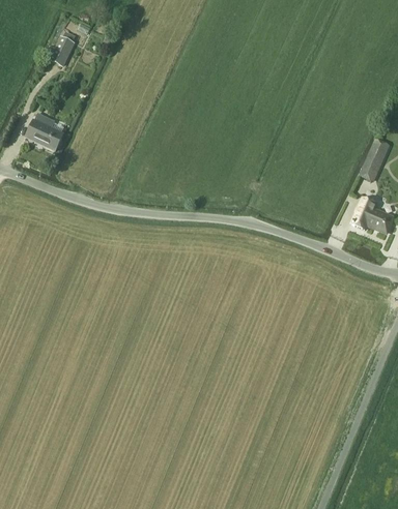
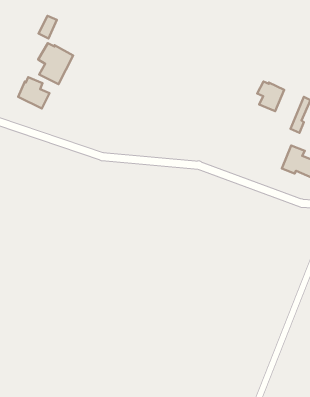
building: none -> [38,43,73,84]
building: none -> [257,81,284,111]

